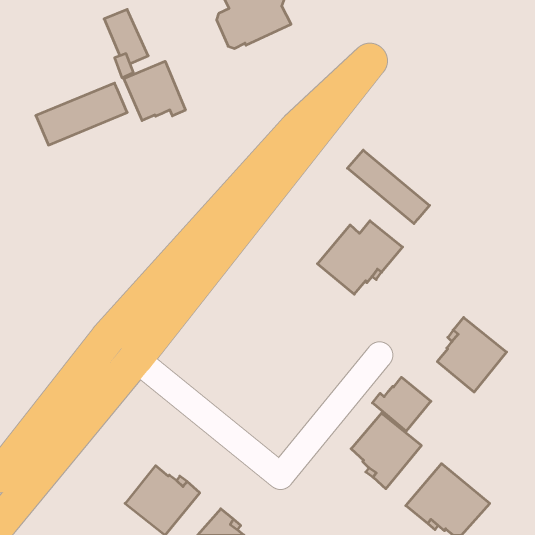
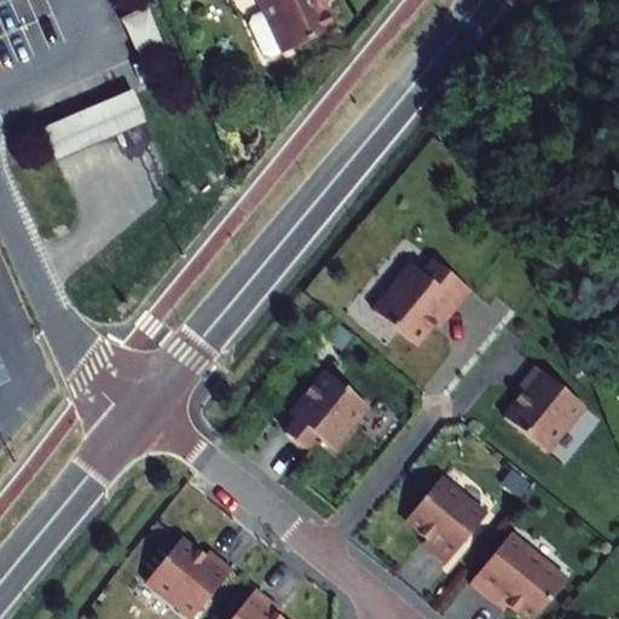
building: [124,61,185,121] -> none
building: [347,150,430,224] -> none
building: none -> [289,372,371,449]
building: [372,377,431,431] -> none

